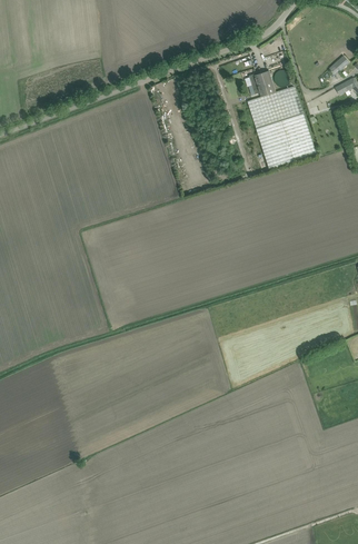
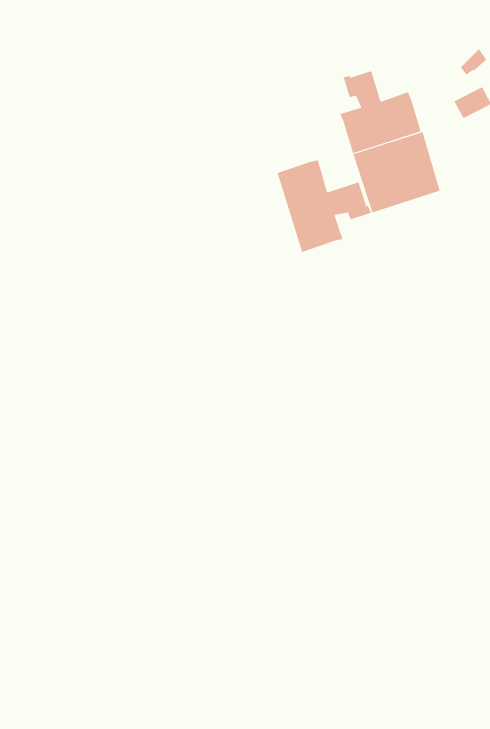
building: none -> [277,160,372,253]

